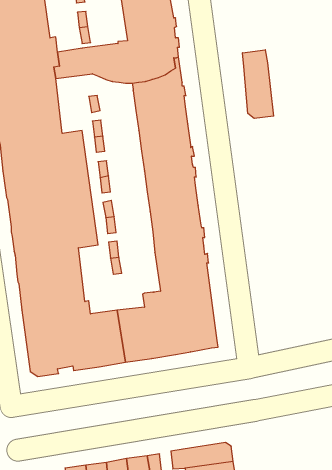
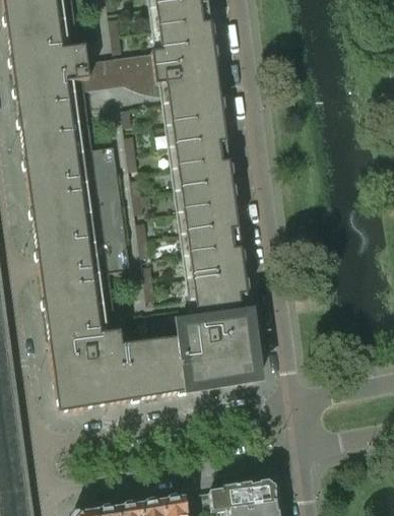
building: [243,50,274,118] -> none

